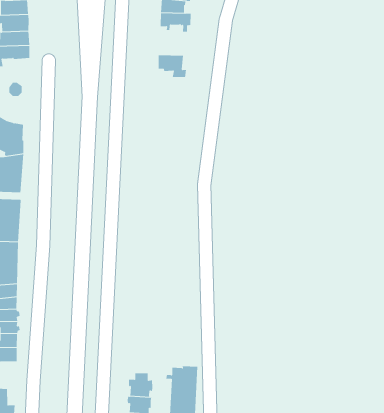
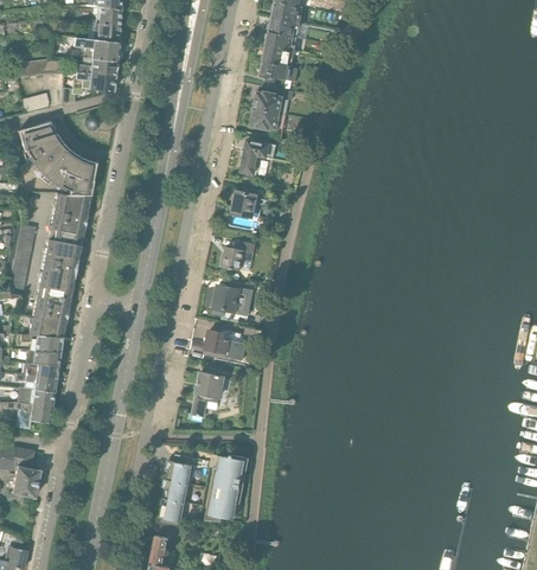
building: none -> [254,88,294,113]
building: none -> [241,139,275,174]
building: none -> [232,188,264,217]
building: none -> [222,241,256,271]
building: none -> [212,284,241,315]
building: none -> [204,328,247,360]
building: none -> [192,367,225,416]

